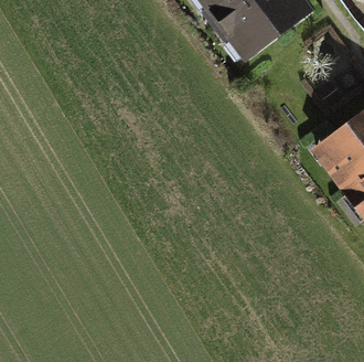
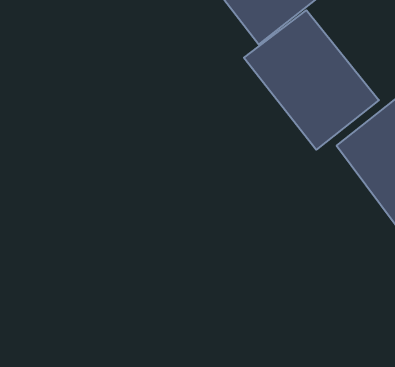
building: none -> [244,10,379,150]

